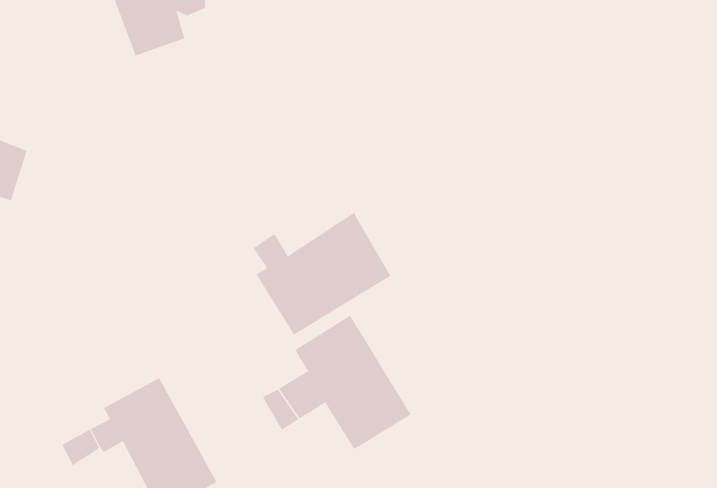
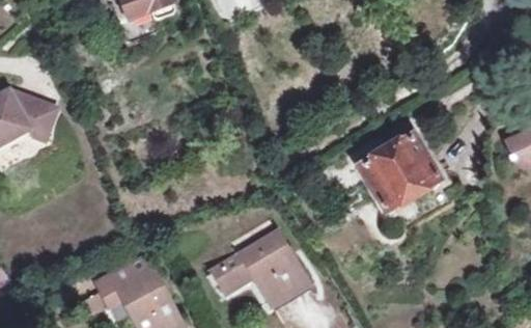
building: none -> [360,134,440,211]
building: [253,212,391,336] -> none

